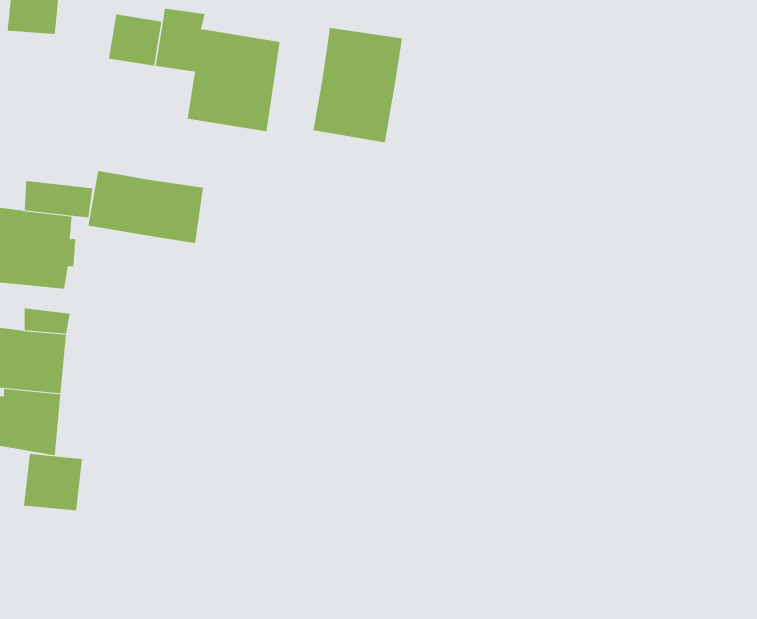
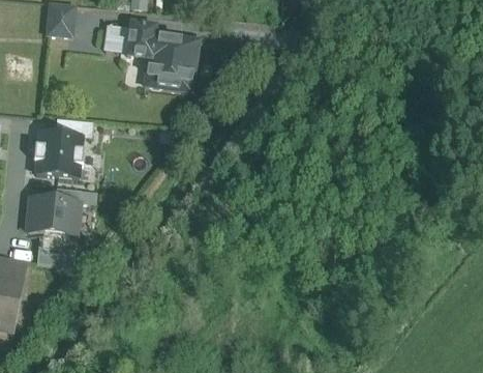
building: [313,27,402,143] -> none
building: [88,170,203,244] -> none
building: [24,453,83,511] -> none

